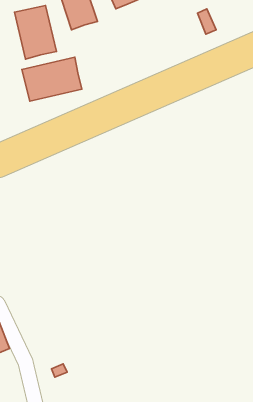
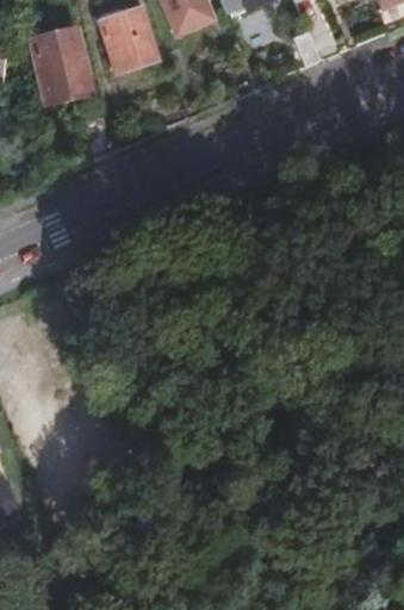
building: [22,57,82,101] -> none

